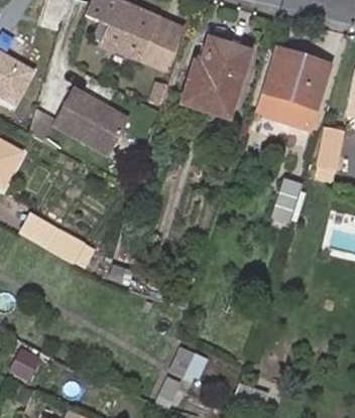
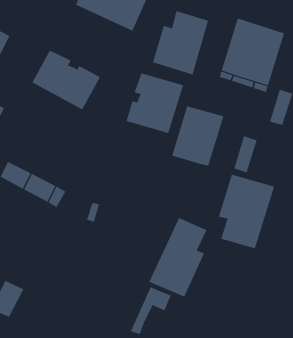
building: none -> [126,72,184,134]
building: none -> [171,105,224,167]
building: none -> [218,174,275,249]
building: none -> [149,217,207,297]

